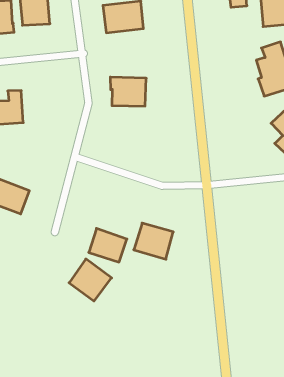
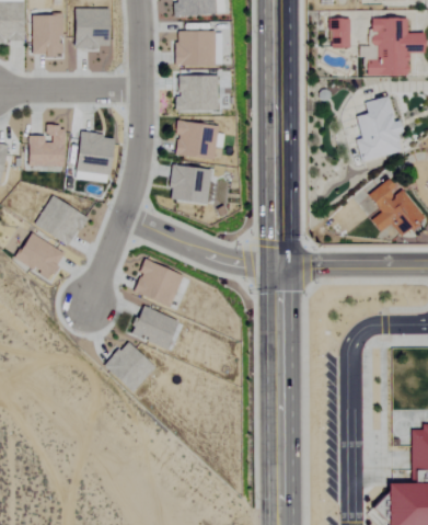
building: none -> [176,75,218,110]
building: none -> [76,132,114,181]
building: none -> [170,164,210,202]
building: none -> [35,195,86,244]
building: [134,223,173,259] -> [132,260,183,307]

